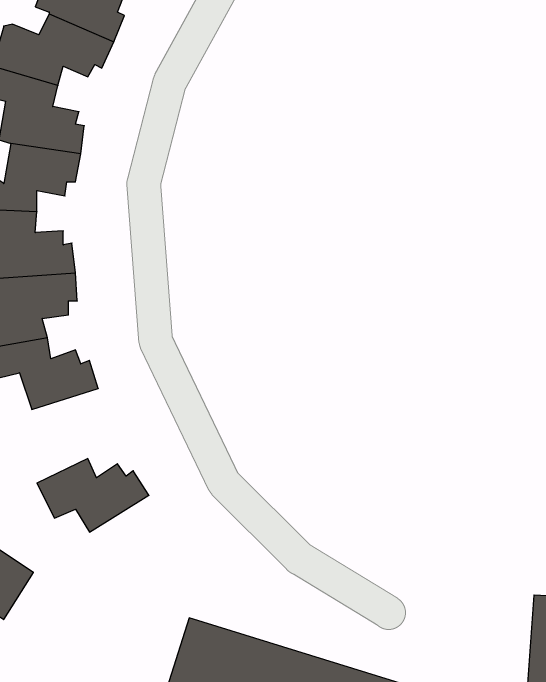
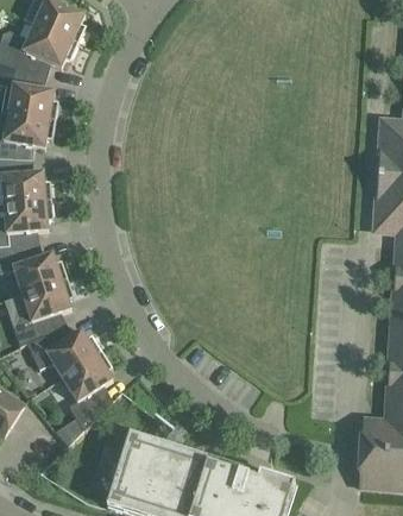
building: none -> [12,278,74,345]
building: none -> [62,351,113,428]

